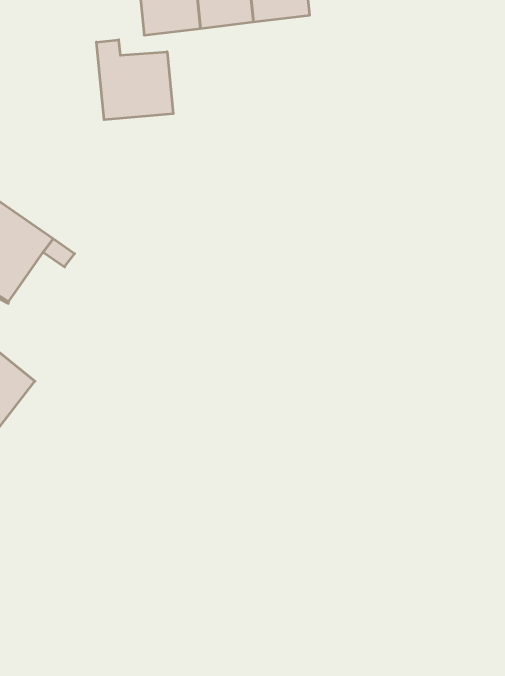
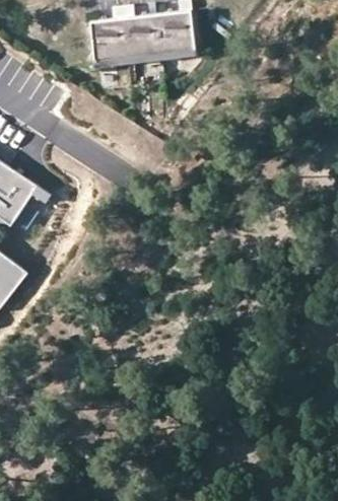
building: [96,40,173,120] -> none

